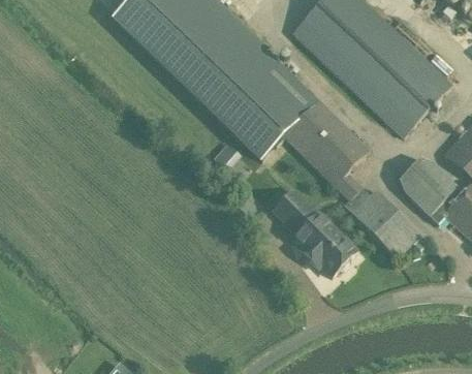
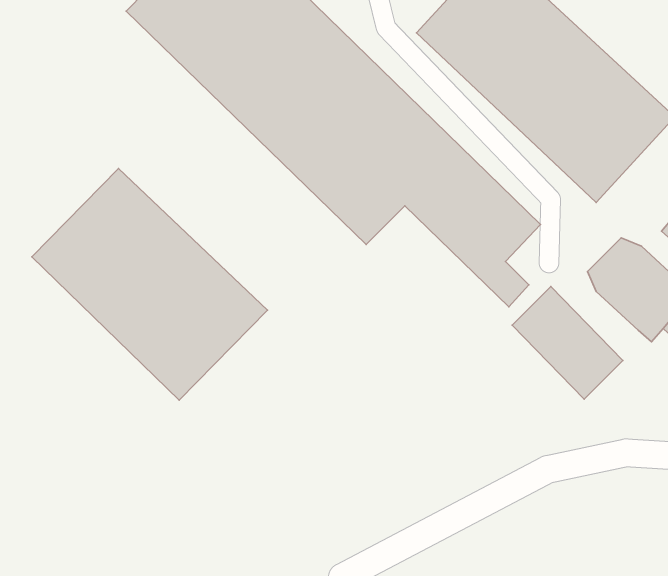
building: none -> [32,168,267,400]
building: [272,190,355,275] -> none

